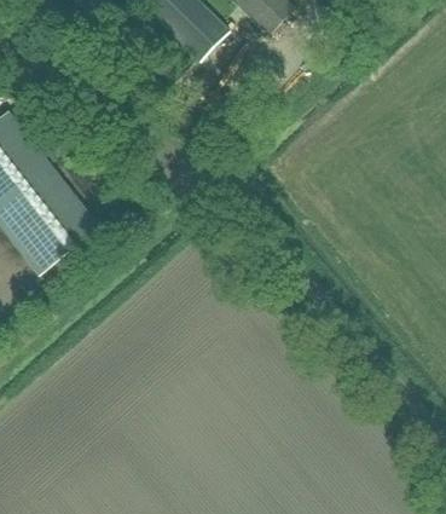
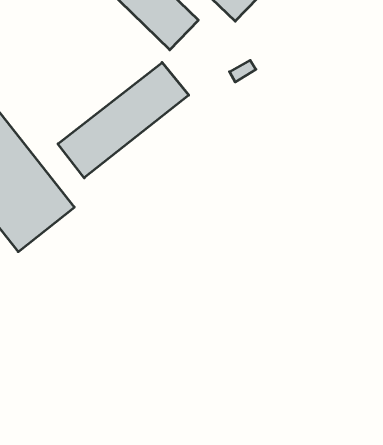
building: none -> [58,62,189,178]

